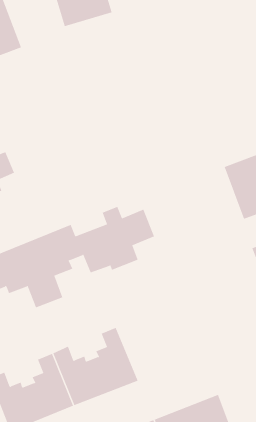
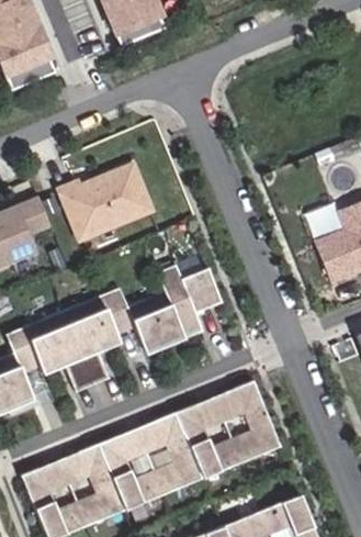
building: none -> [61,166,153,240]
building: none -> [176,383,281,481]

